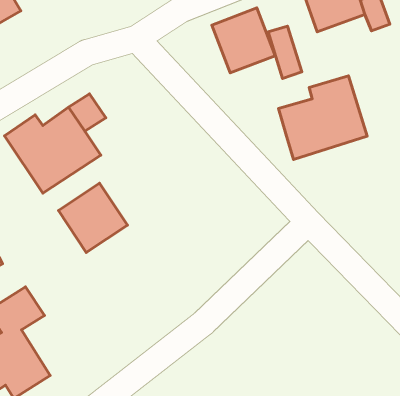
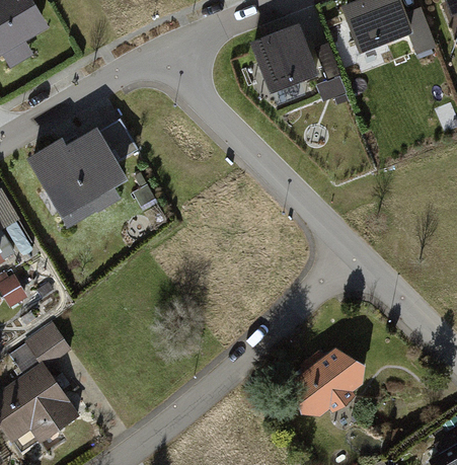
building: [278,76,367,159] -> none
building: [58,183,127,253] -> none
building: none -> [292,351,374,428]

